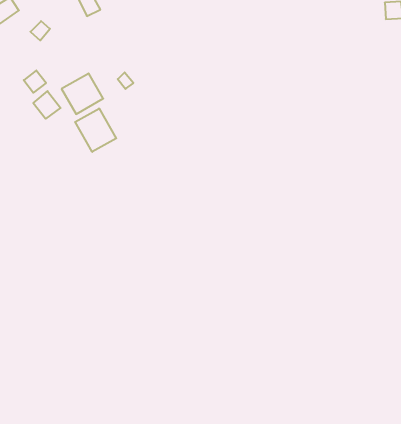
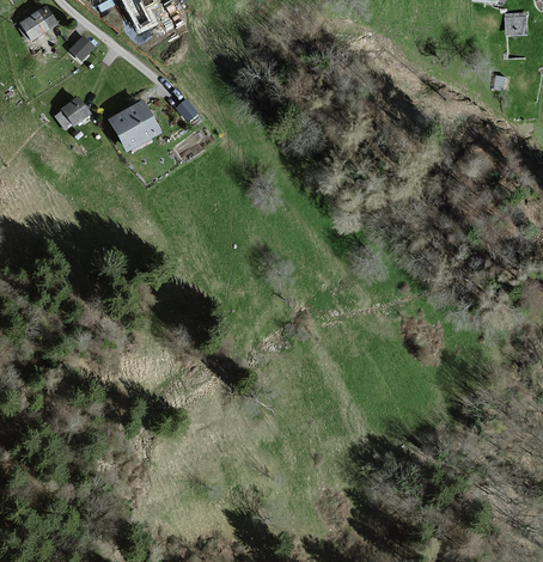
building: [33,91,61,119] -> none
building: [75,108,116,152] -> none

